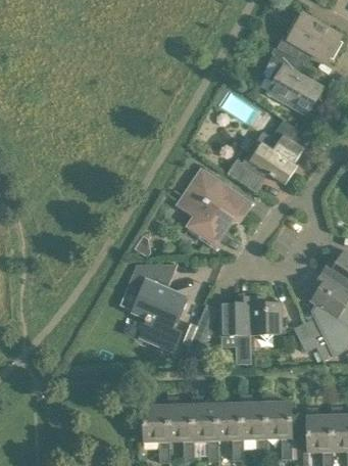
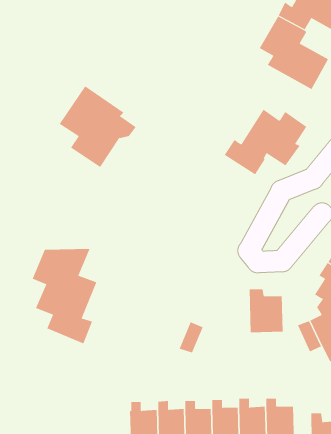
building: [179,170,249,244] -> [59,86,137,168]
building: [127,265,186,352] -> [32,248,97,344]
building: [220,295,252,365] -> none

